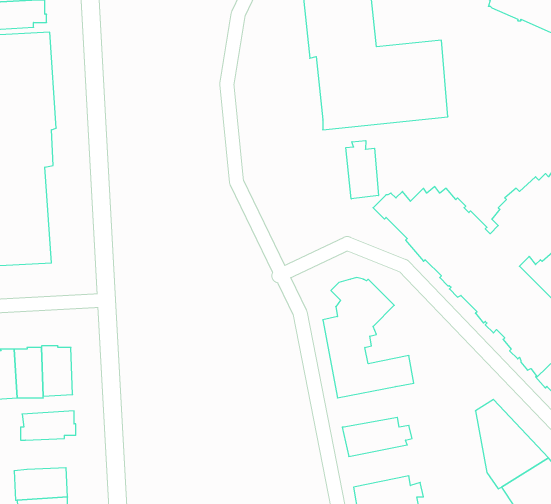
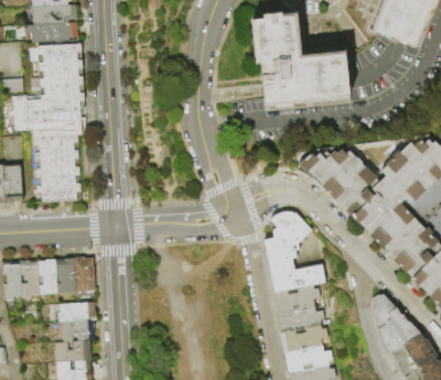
building: [346,141,378,199] -> none
building: none -> [273,284,320,312]
building: none -> [62,319,94,340]
building: none -> [279,324,327,352]

